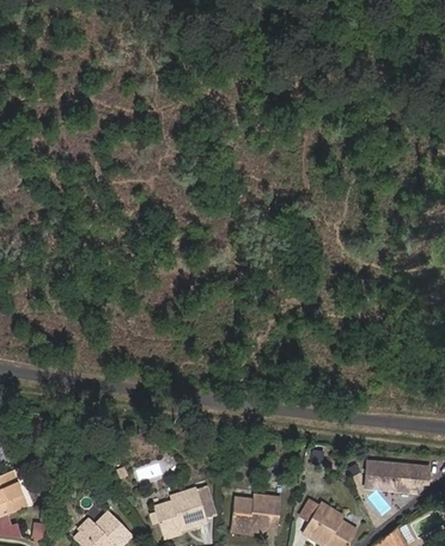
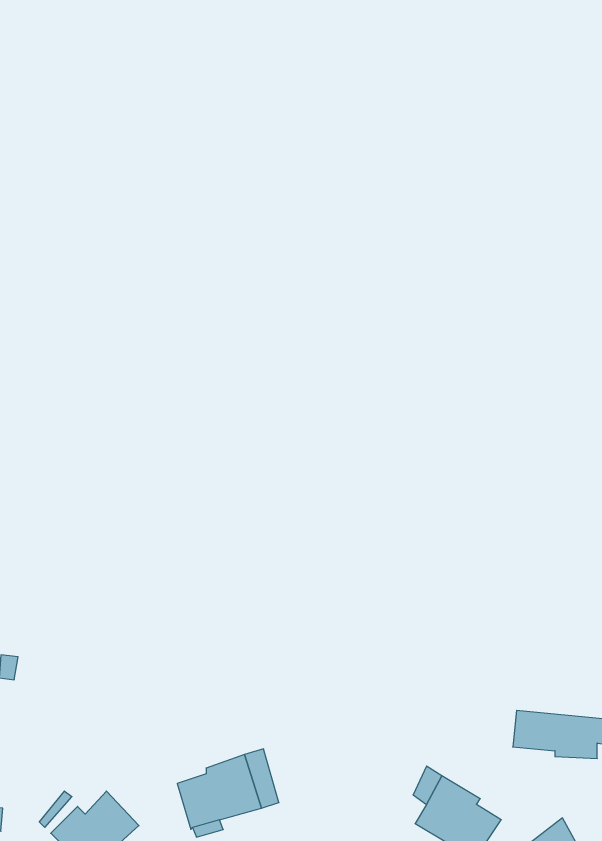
building: [231,496,280,533] -> none

